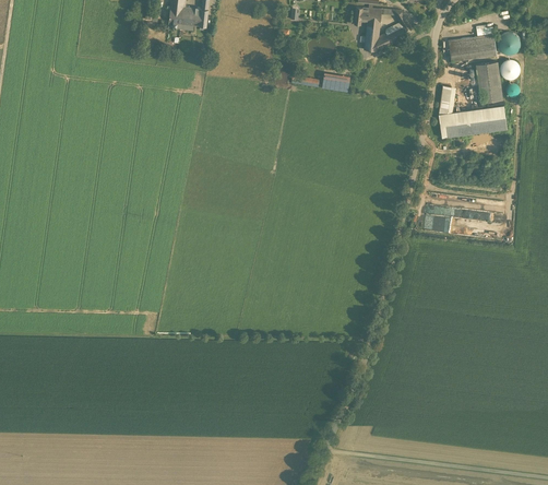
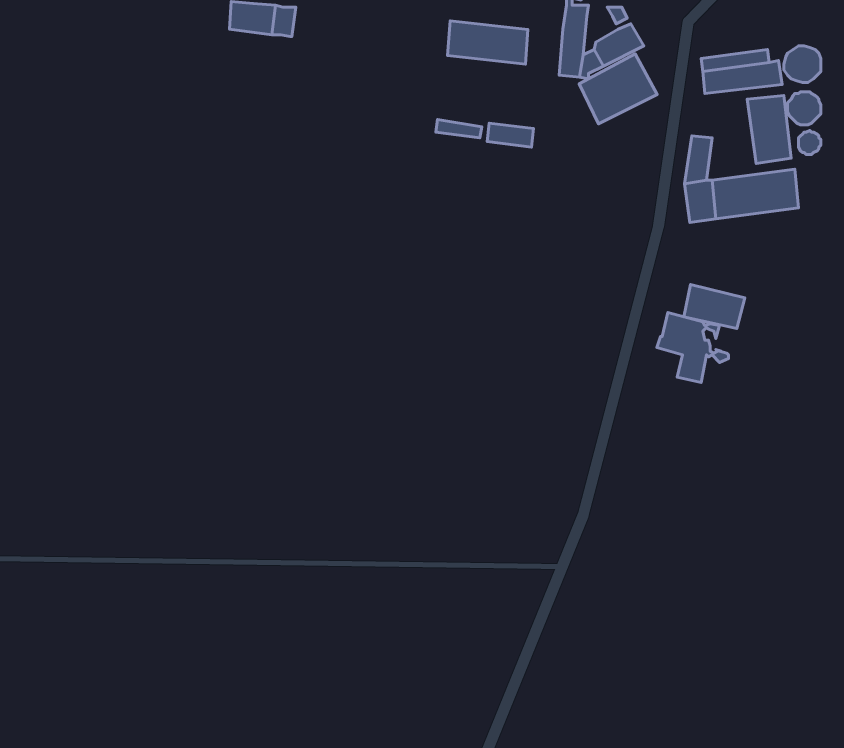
building: none -> [448,21,528,64]
building: none -> [579,54,657,124]
building: none -> [684,284,745,329]

